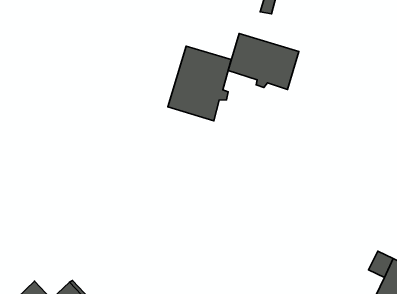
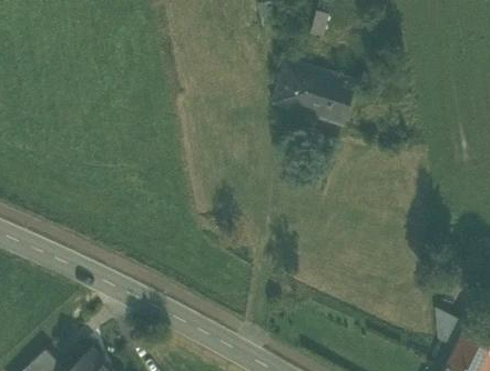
building: [168,46,231,121] -> none

